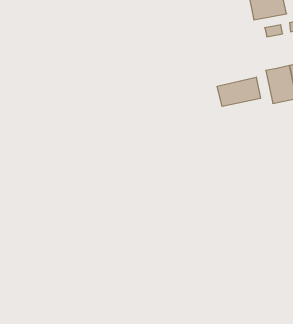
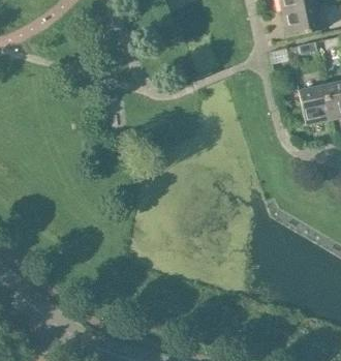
building: [217,77,260,106] -> none

